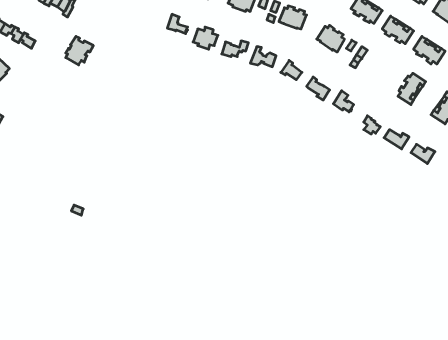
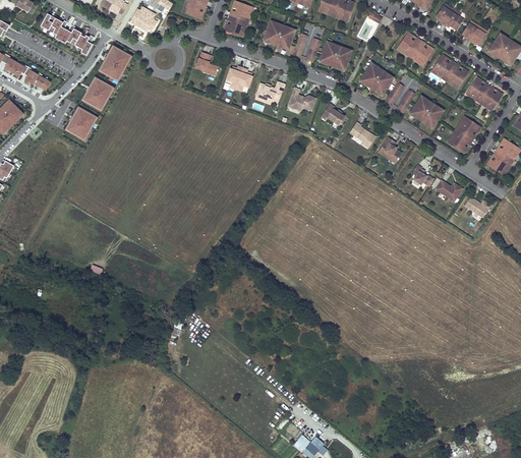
building: none -> [99,46,131,80]
building: none -> [410,98,441,127]
building: none -> [64,107,97,138]

